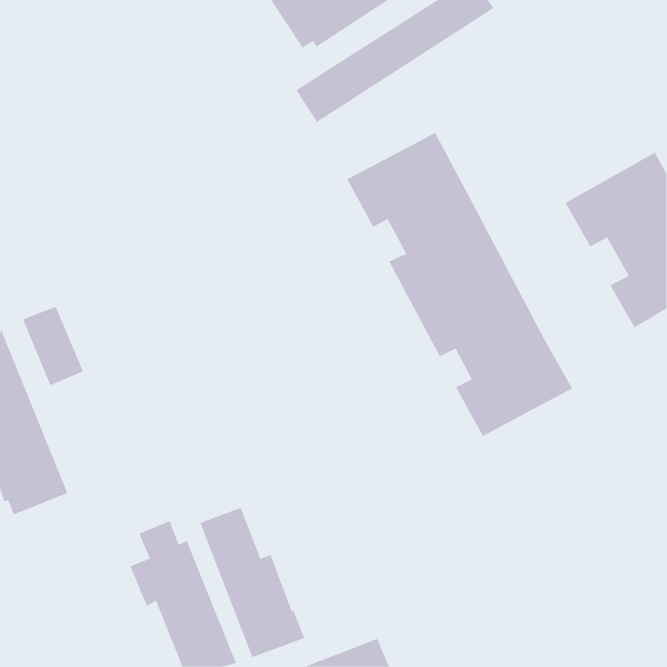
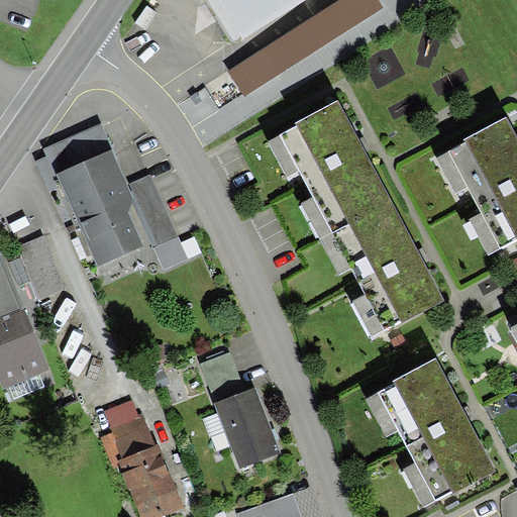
building: none -> [44,124,188,270]
building: none -> [365,359,494,507]
building: [199,507,305,658] -> [199,350,281,467]

